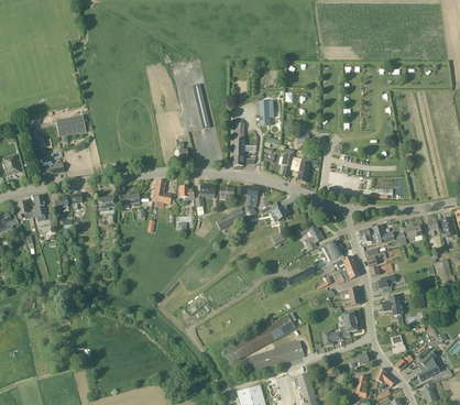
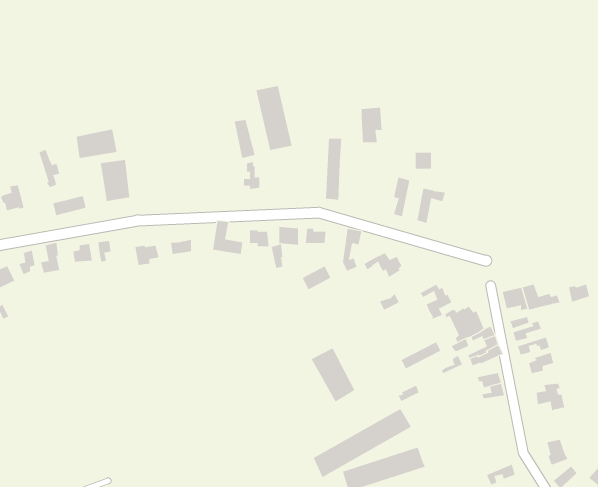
building: none -> [100,159,130,202]
building: none -> [311,347,355,402]
building: [322,311,358,344] -> none

